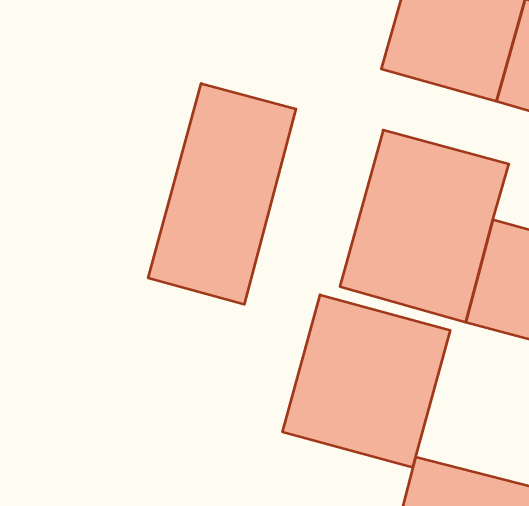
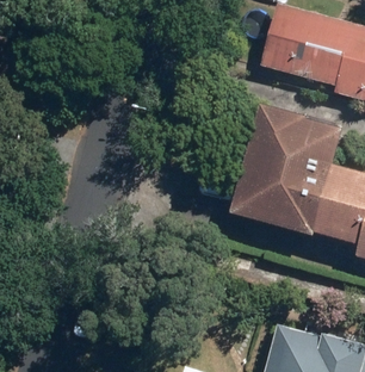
building: [148,83,296,304] -> none
building: [283,295,450,468] -> none

